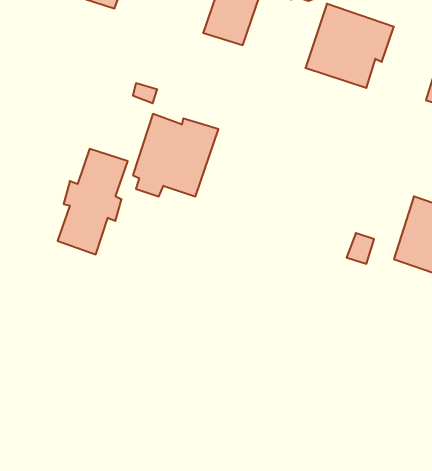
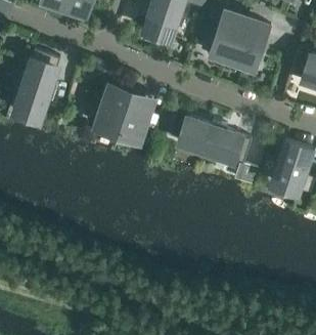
building: [58,149,128,254] -> [12,51,59,122]
building: none -> [178,119,251,166]

